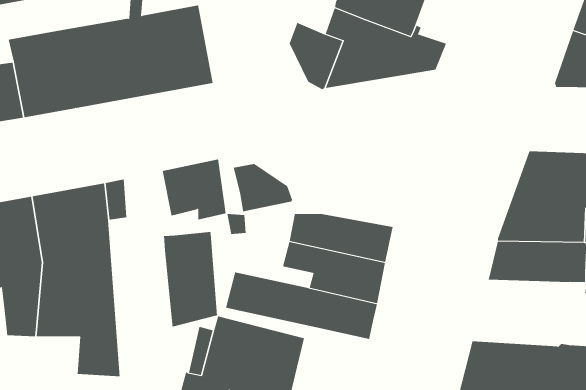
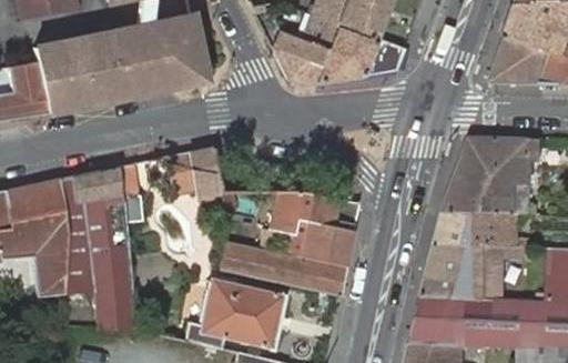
building: [233,163,293,212] -> none
building: [164,231,217,327] -> none
building: none -> [425,245,507,301]

